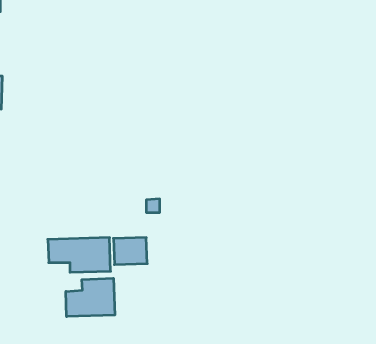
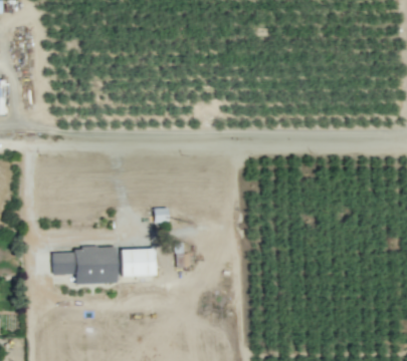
building: [66,278,115,317] -> none

